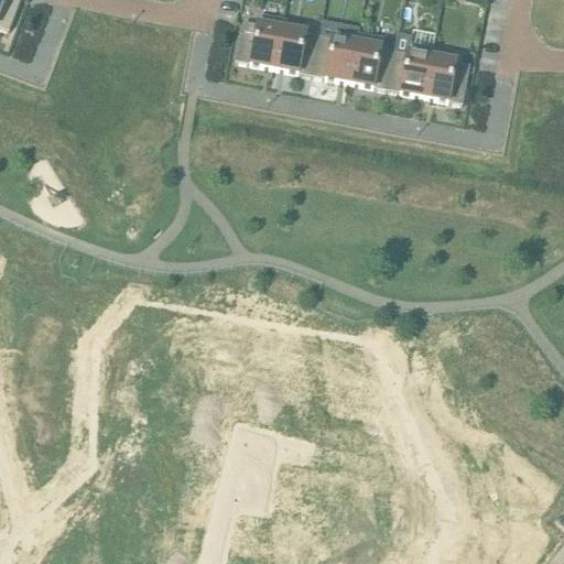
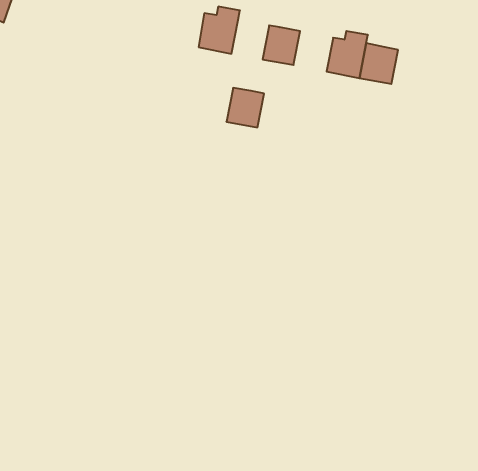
building: [271,23,315,69] -> [226,88,264,127]
building: [344,26,390,84] -> none

